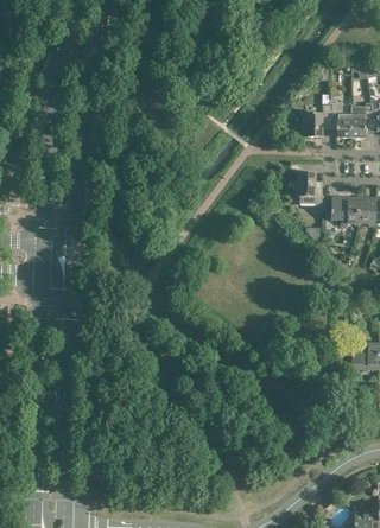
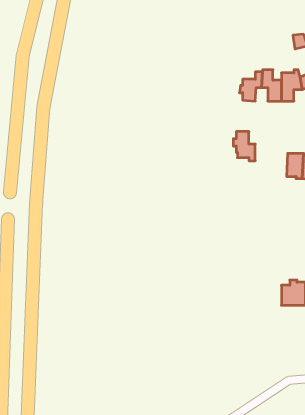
building: [331,197,359,225] -> none

